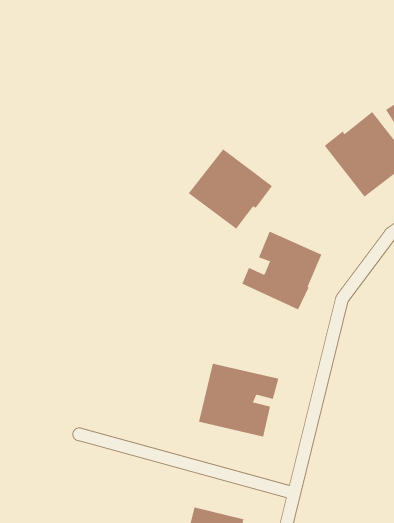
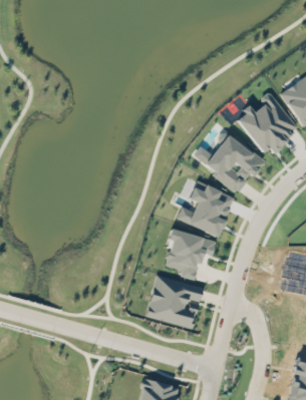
building: [188,149,273,229] -> [203,133,264,191]
building: none -> [165,229,216,280]

